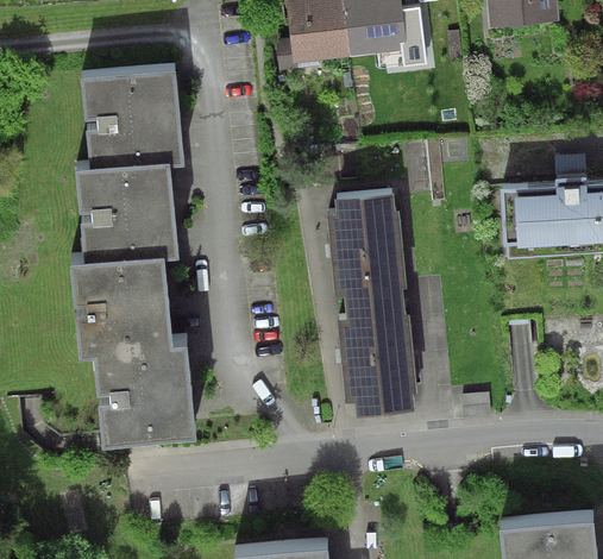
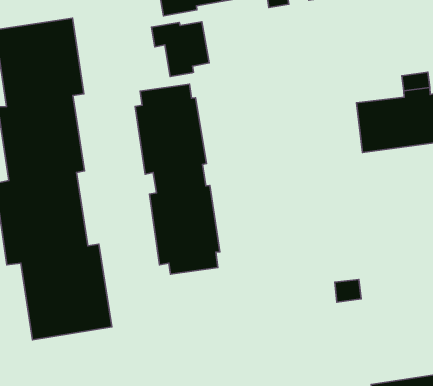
building: none -> [152,22,209,77]
building: [328,190,417,412] -> [135,84,220,274]

